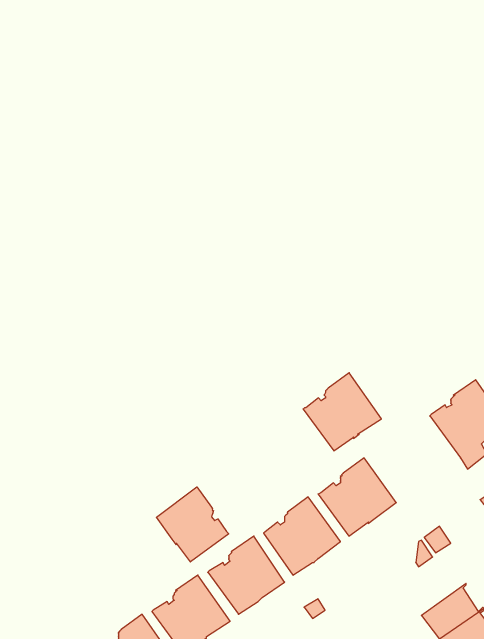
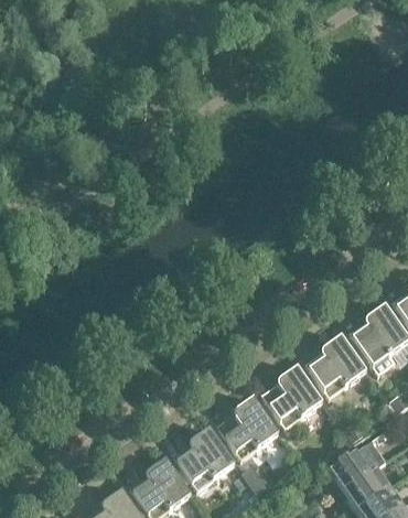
building: [303,373,381,451] -> [305,335,367,397]
building: [156,487,229,562] -> none
building: none -> [330,440,386,490]

